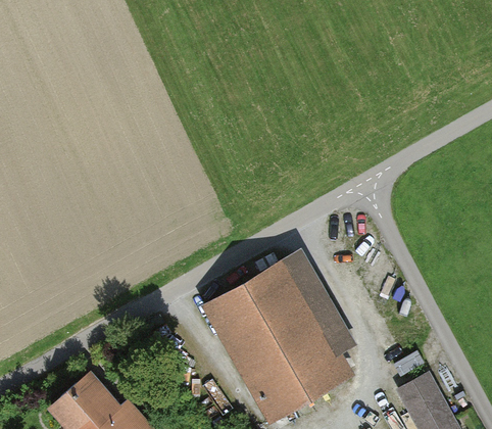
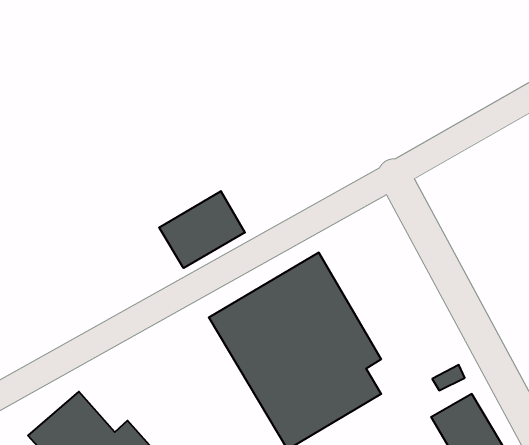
building: none -> [159,191,245,268]

